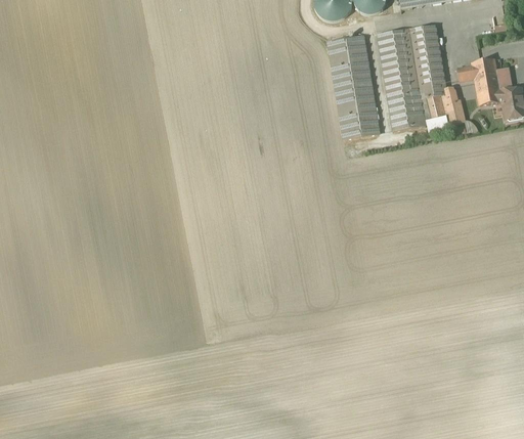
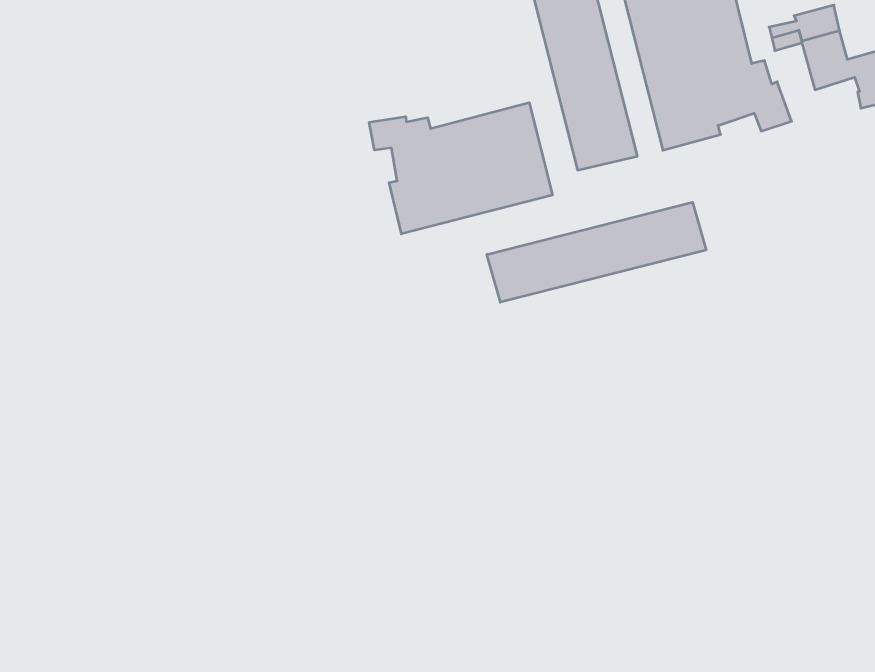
building: none -> [369,103,552,234]
building: none -> [487,202,706,302]

